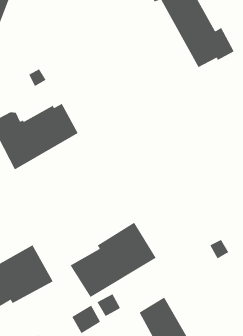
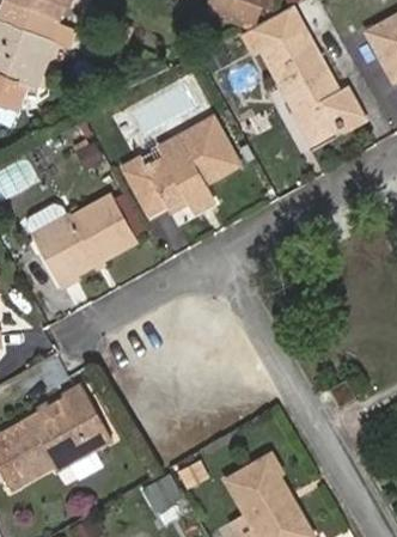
building: none -> [126,117,239,213]
building: [70,222,156,298] -> none

